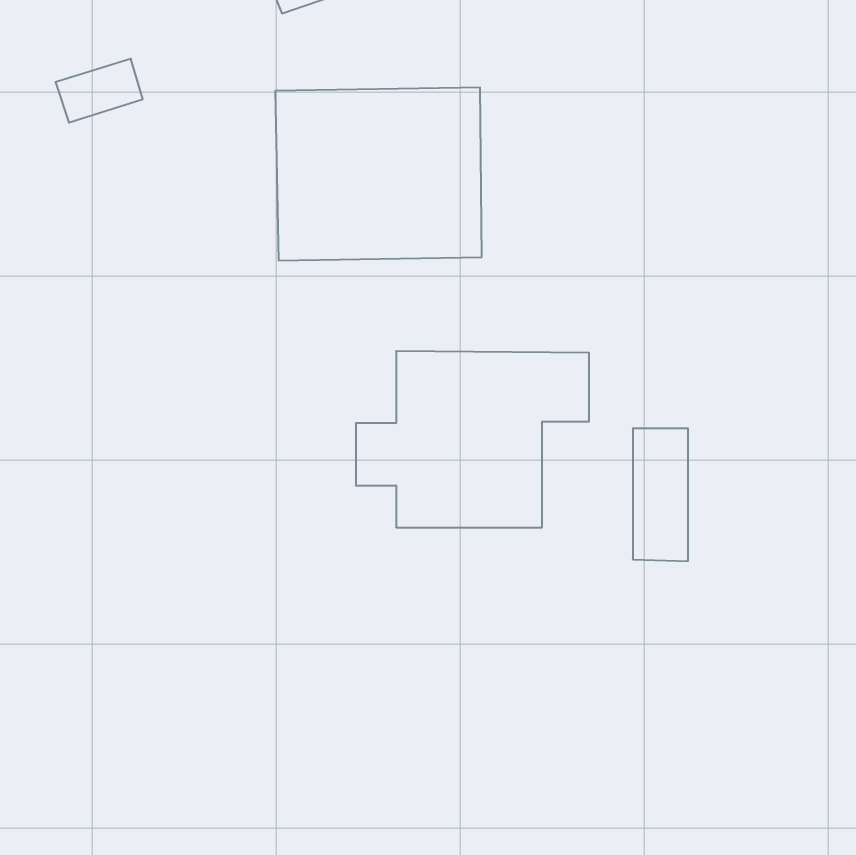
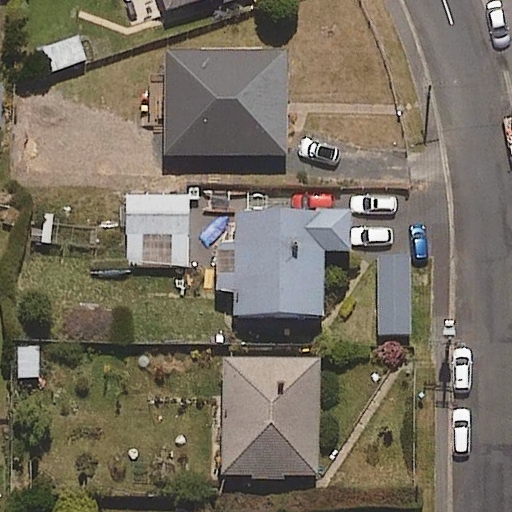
building: none -> [126,194,188,265]
building: none -> [224,357,319,475]

